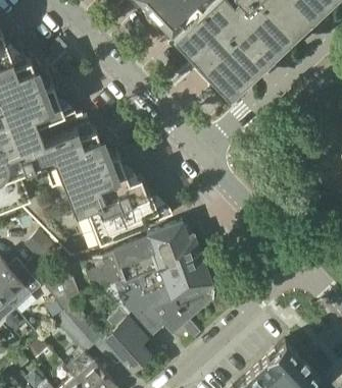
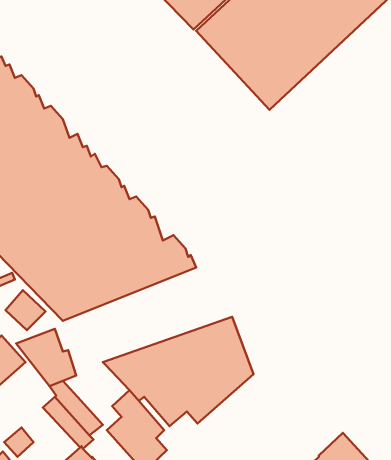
building: [86,223,199,293] -> none

